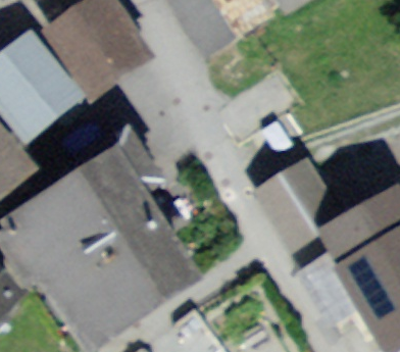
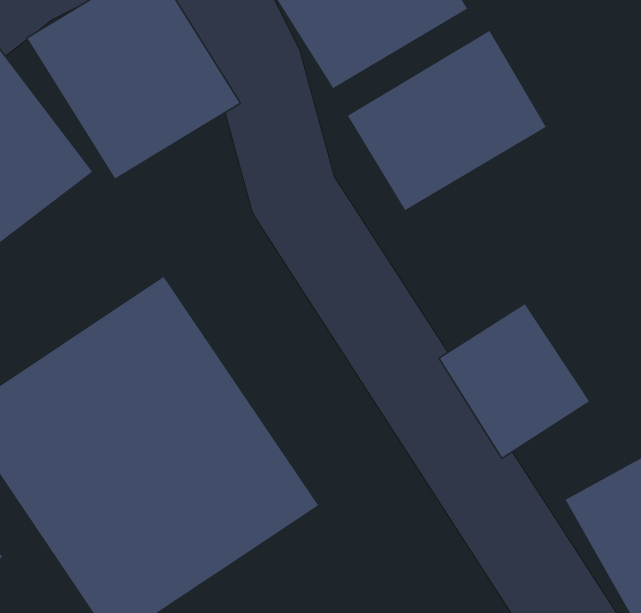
building: none -> [347,30,547,211]

